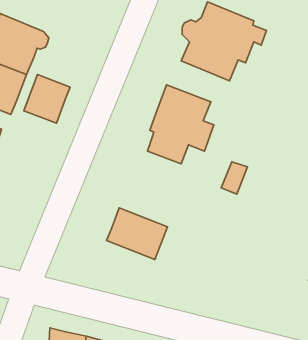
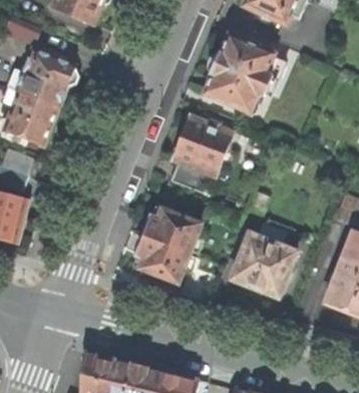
building: [24,75,70,123] -> none
building: none -> [144,208,201,253]
building: none -> [231,233,296,298]

